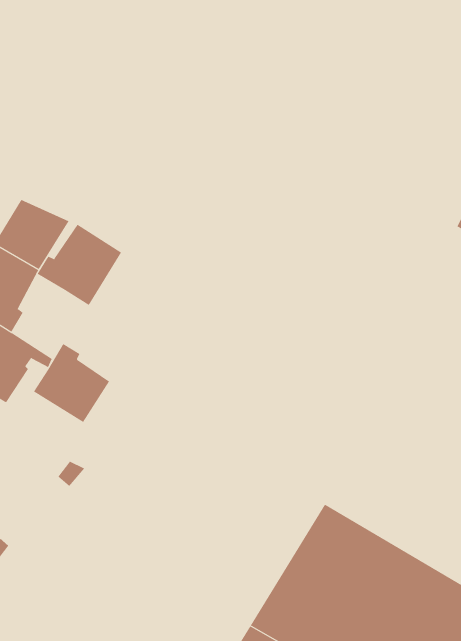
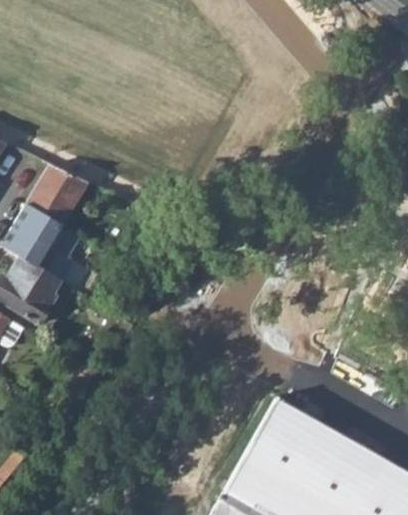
building: [37,224,122,306] -> none
building: [33,343,110,423] -> none

